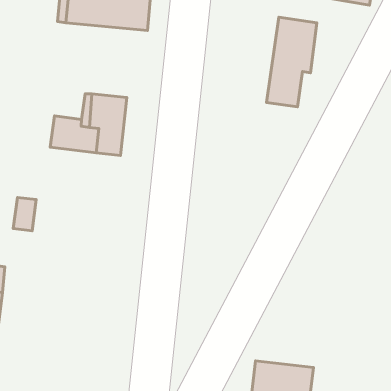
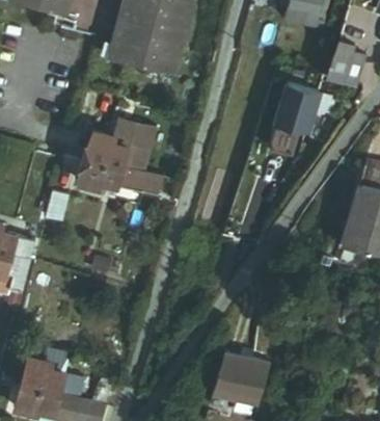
building: none -> [80,155,166,198]

